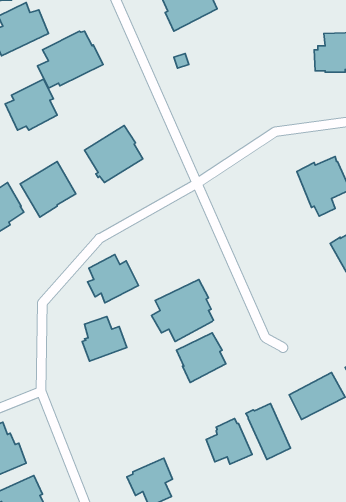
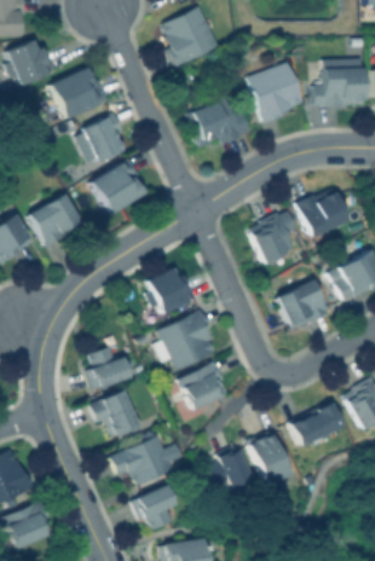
building: none -> [246,47,304,125]
building: none -> [188,97,252,148]
building: [5,79,57,130] -> [76,114,127,163]
building: none -> [249,213,298,266]
building: none -> [277,278,330,329]
building: [88,255,138,303] -> [148,266,197,313]
building: none -> [91,389,140,436]
building: none -> [110,435,181,486]

